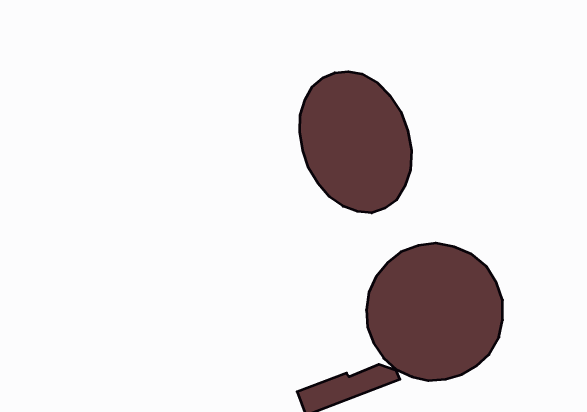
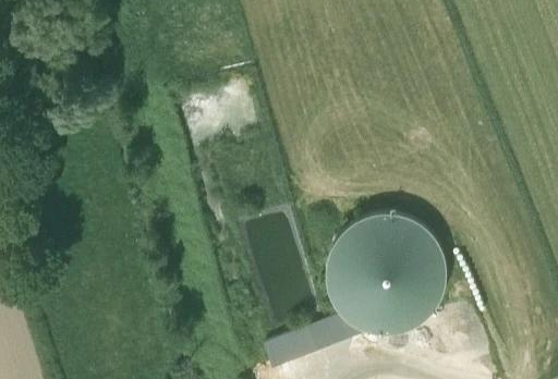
building: [300,72,412,213] -> none

